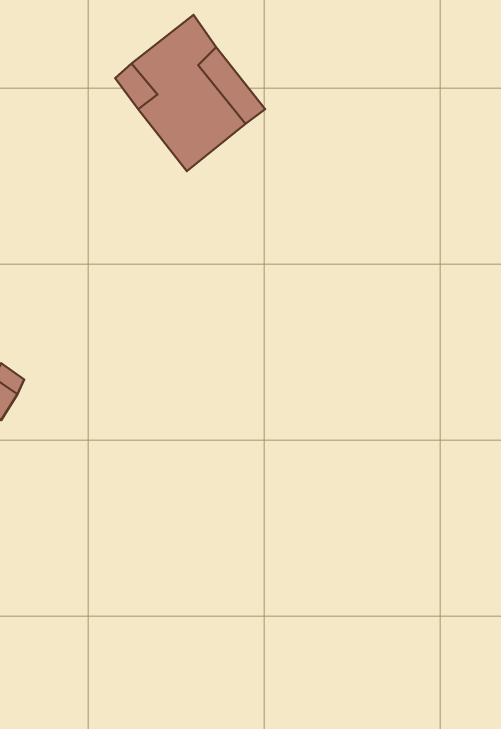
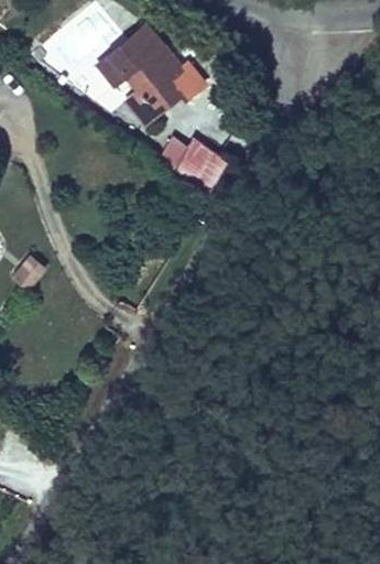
building: none -> [164,131,236,191]

